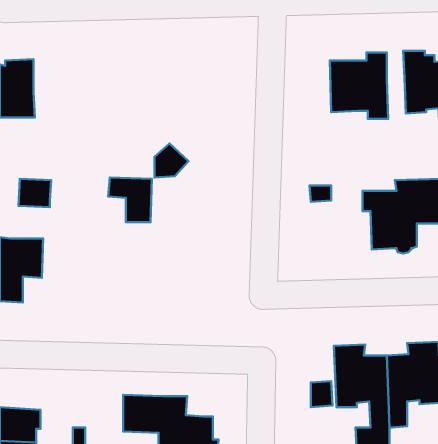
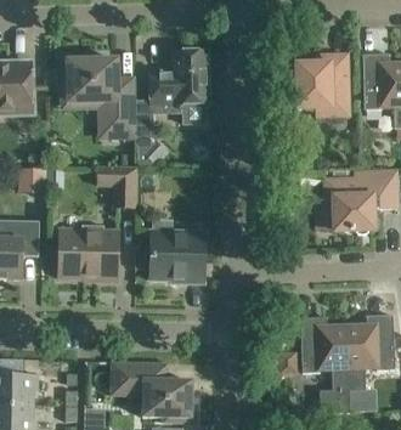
building: none -> [149,50,208,124]
building: none -> [61,53,135,136]
building: none -> [58,228,118,281]
building: none -> [137,236,204,283]

